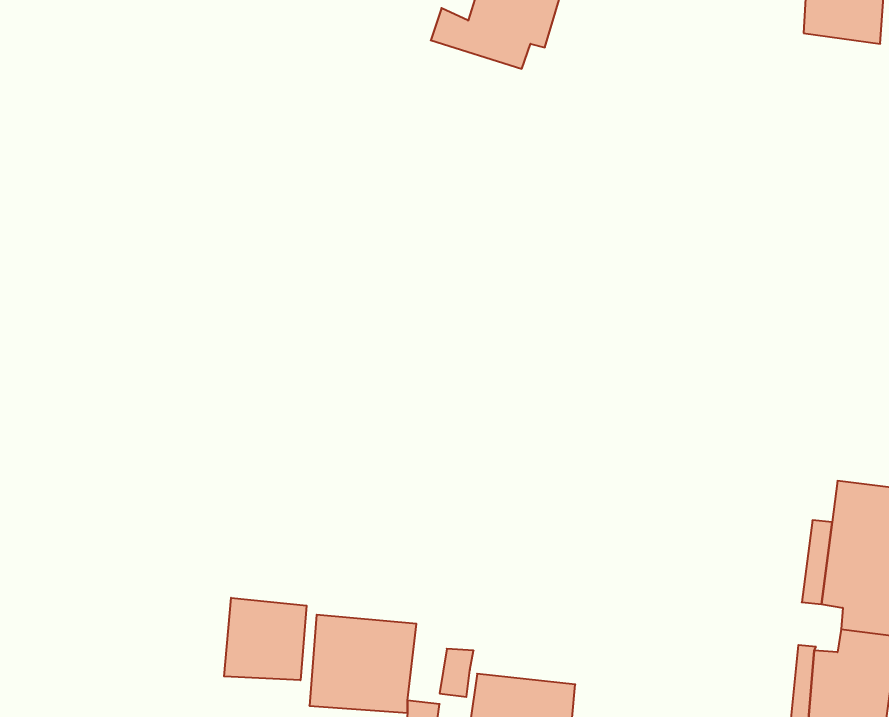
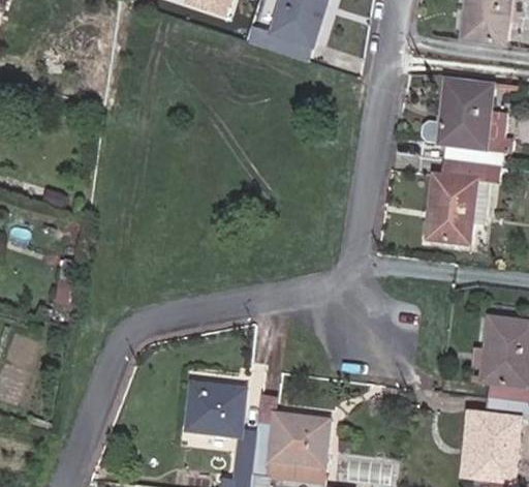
building: none -> [444,78,499,152]
building: none -> [430,161,503,245]
building: [224,598,307,680] -> none

